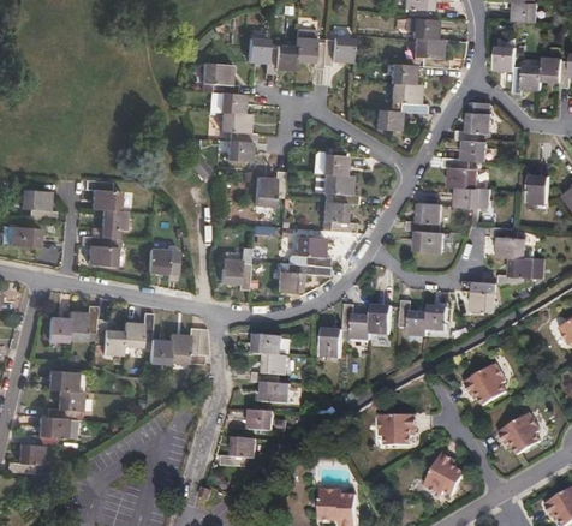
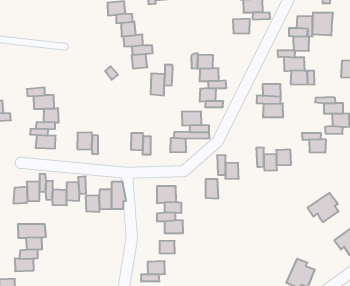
building: none -> [313,12,333,36]
building: [369,299,391,329] -> none
building: [377,413,416,443] -> none

